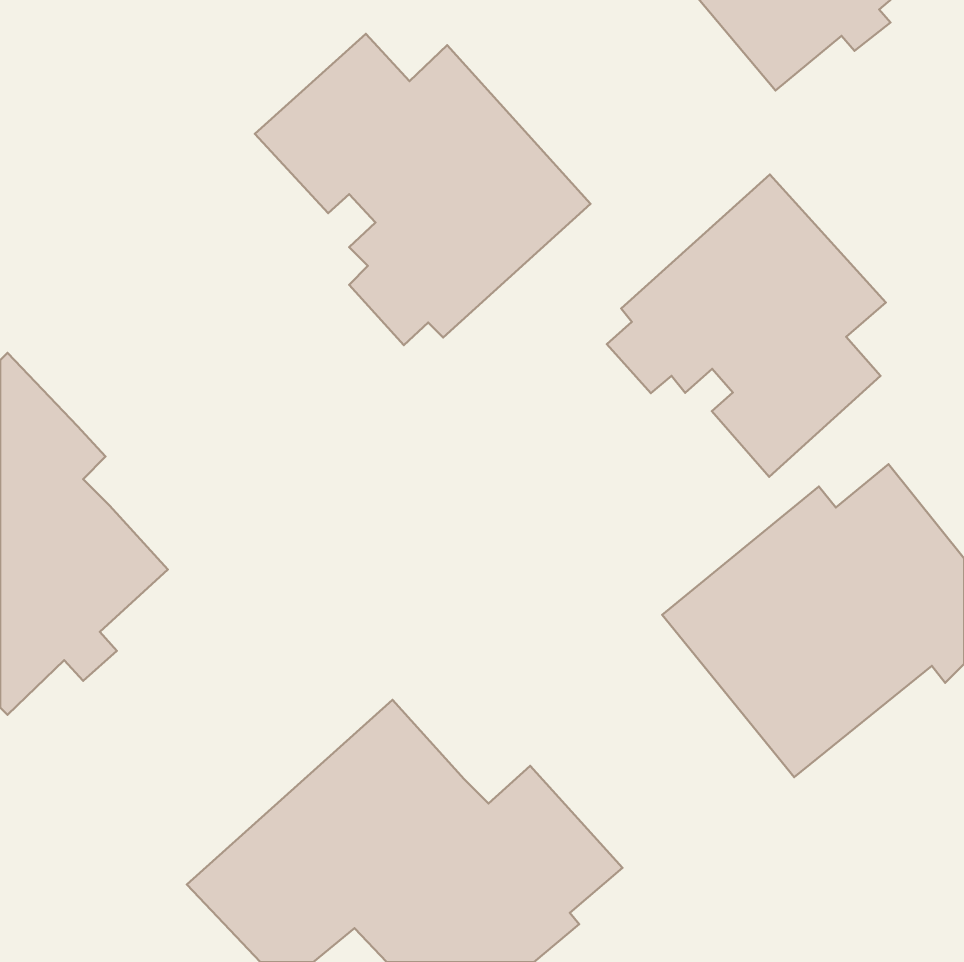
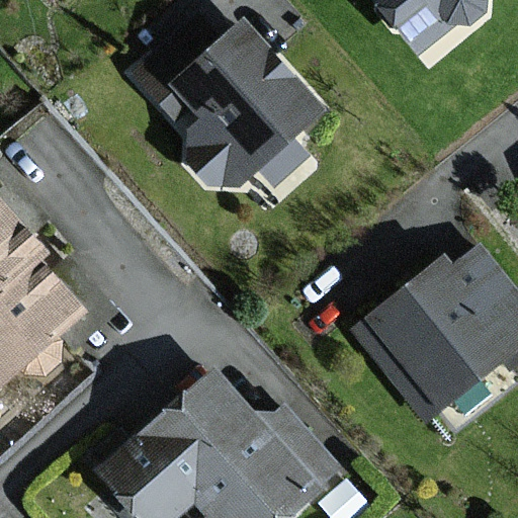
building: [607,175,886,477] -> none

